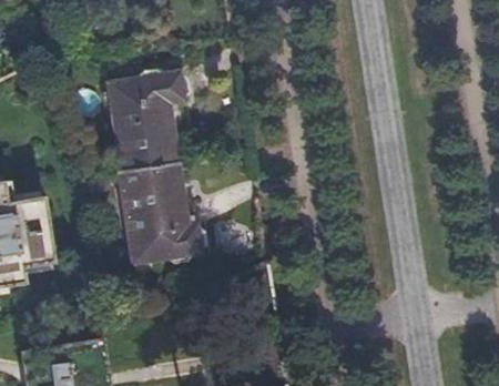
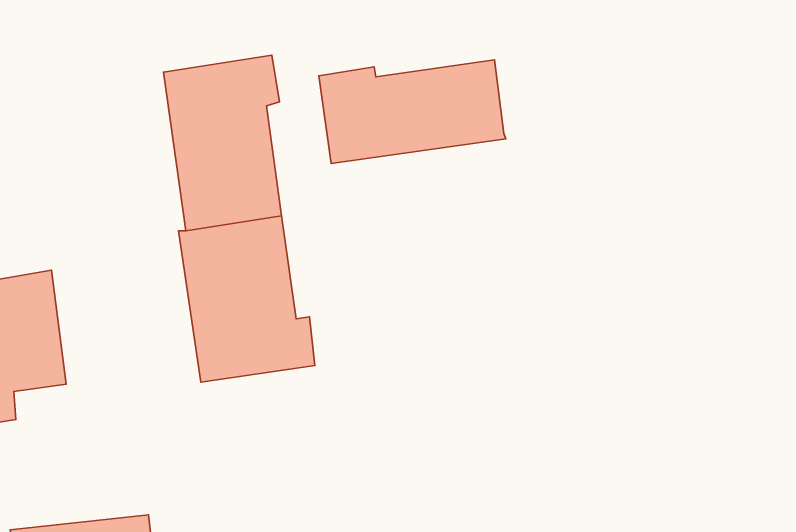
building: none -> [319,60,506,163]

